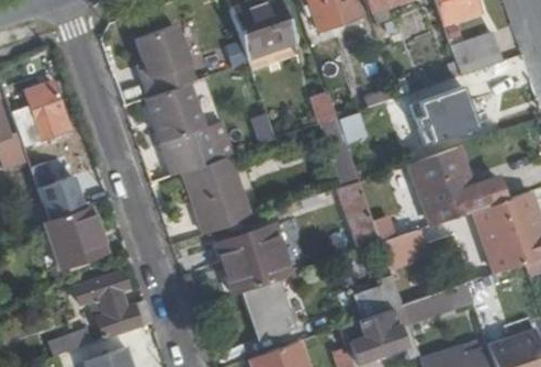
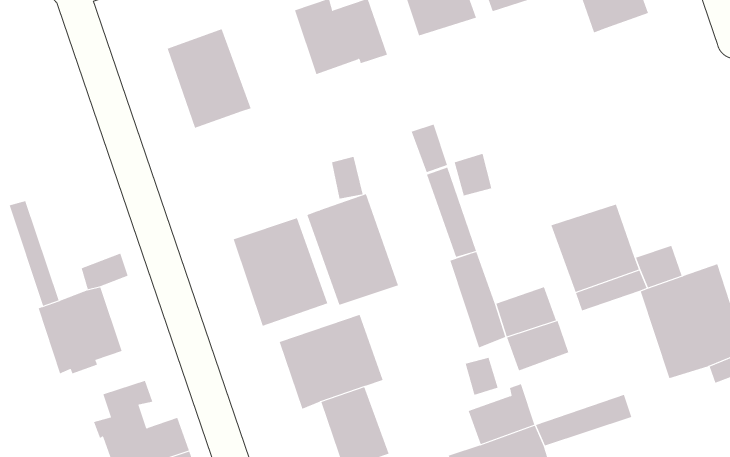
building: [446,20,501,77] -> none
building: [148,81,214,162] -> [307,193,399,305]
building: [24,84,69,141] -> none
building: [414,88,477,148] -> none

